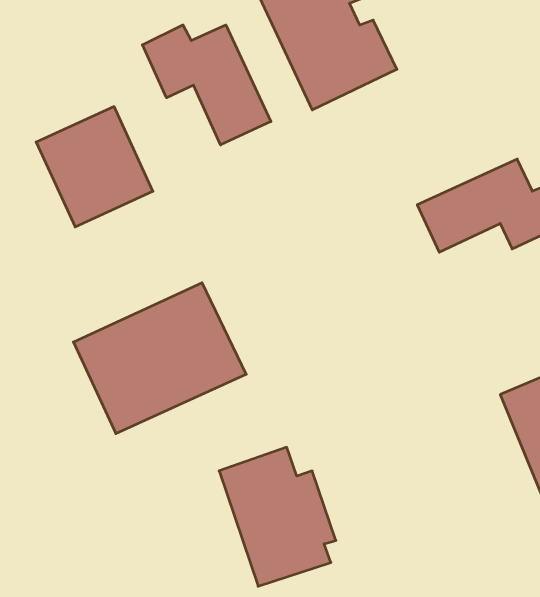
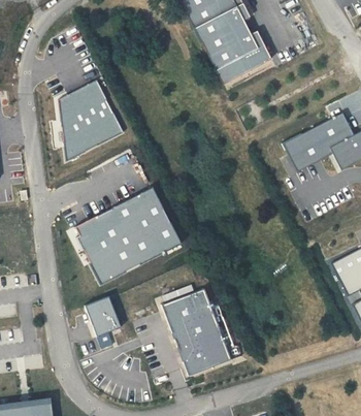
building: [142,25,271,145] -> none
building: none -> [84,296,122,338]

